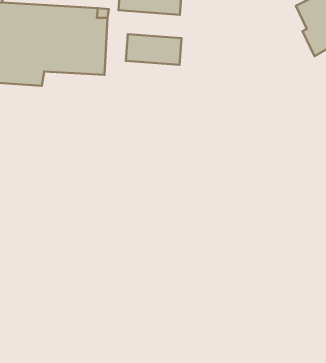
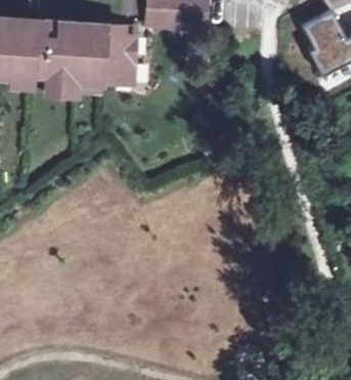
building: [126,34,181,65] -> none

